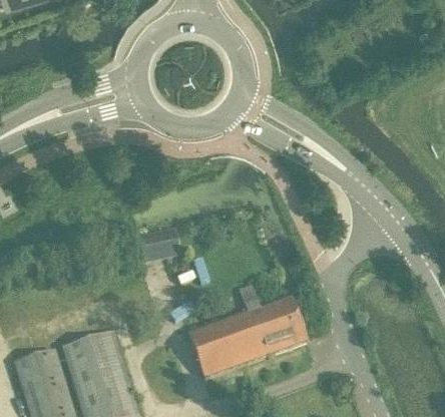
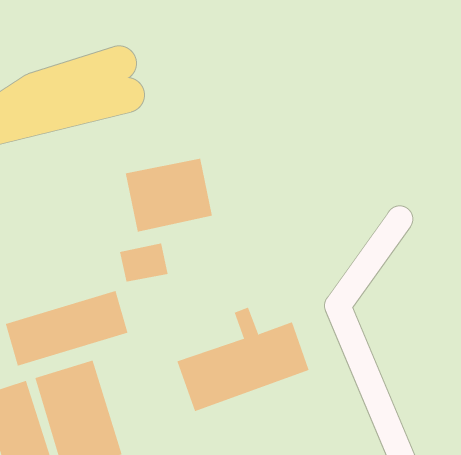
building: none -> [125,158,213,232]
building: none -> [5,290,128,367]

